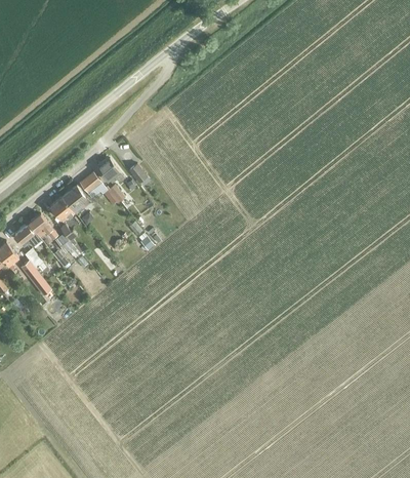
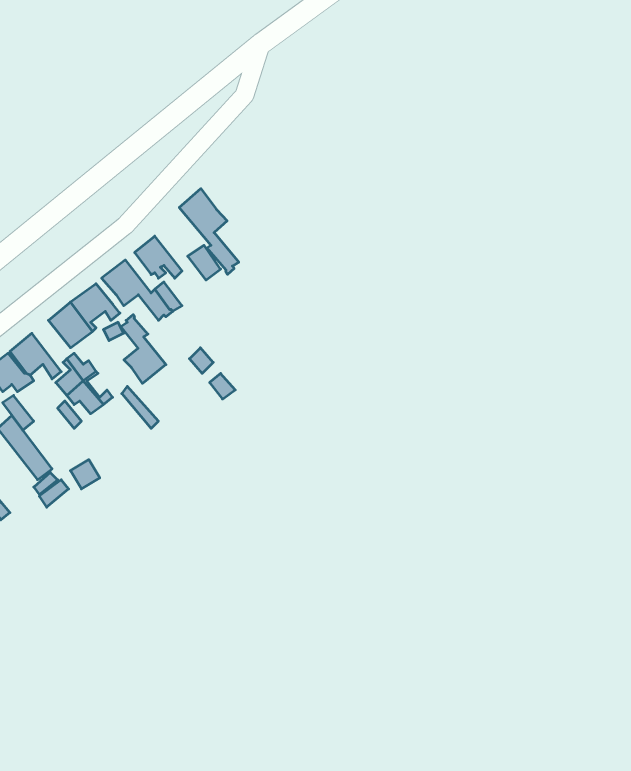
building: none -> [179,189,239,274]
building: none -> [121,315,166,383]

